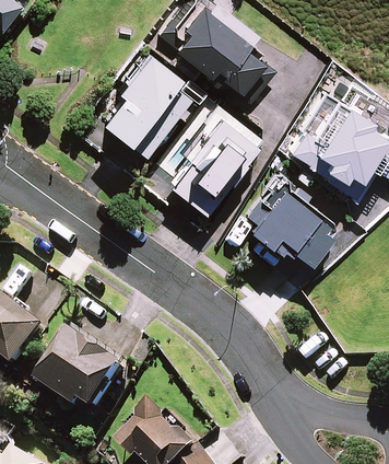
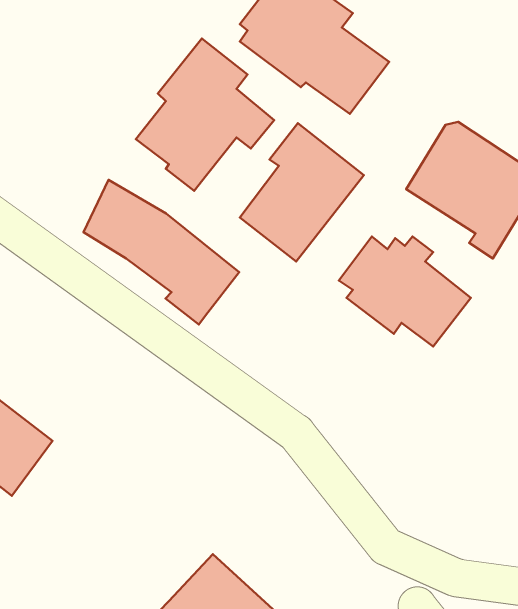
building: none -> [84,180,239,325]
building: [36,327,125,406] -> none

